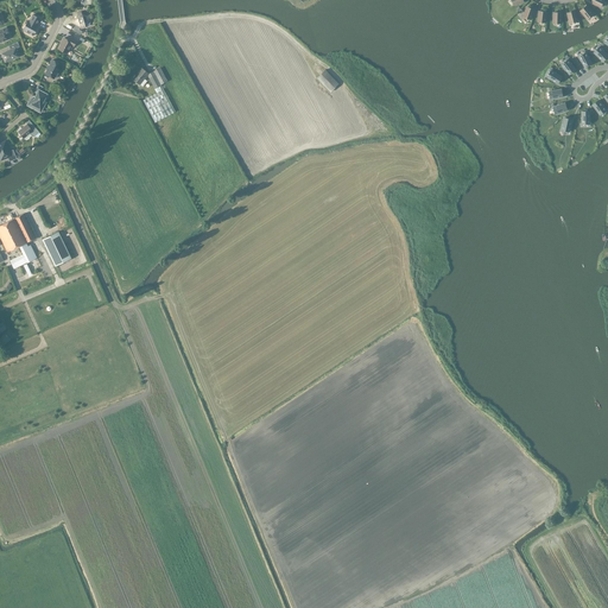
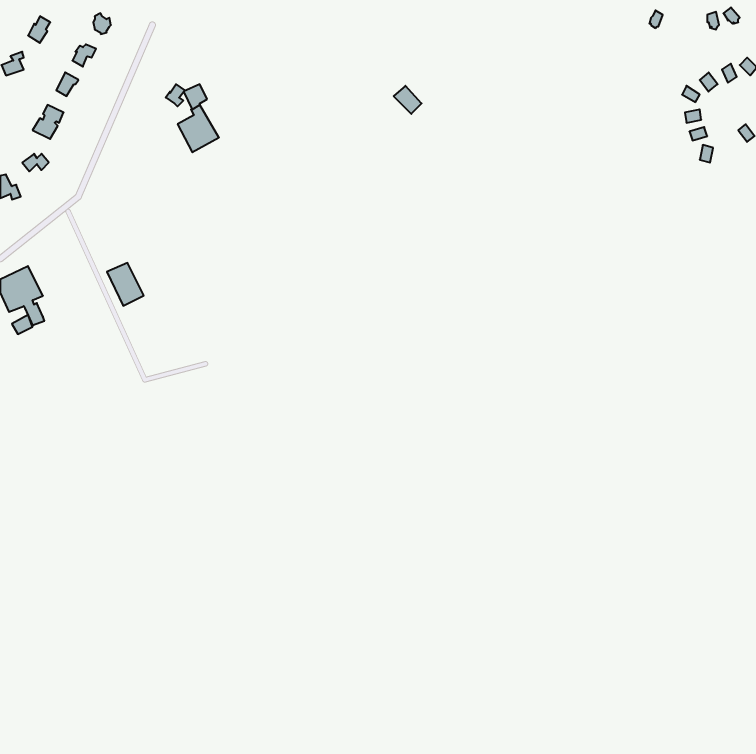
building: [42,230,71,265] -> [107,263,144,306]

